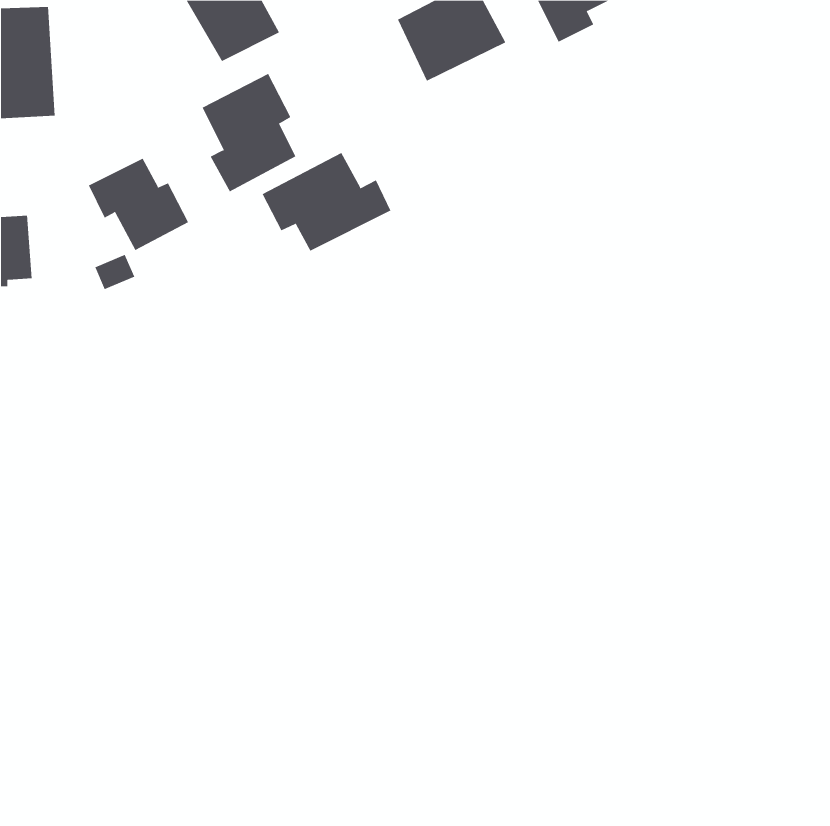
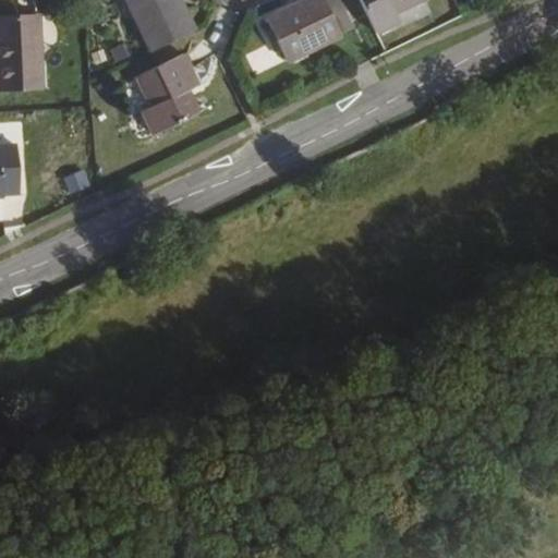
building: [262,152,391,252] -> none
building: [88,158,189,251] -> none

